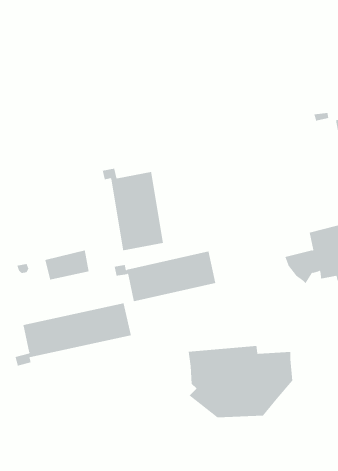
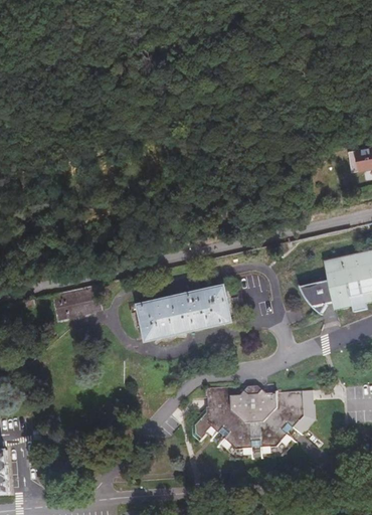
building: [102,168,164,251] -> none
building: [15,302,131,367] -> none

